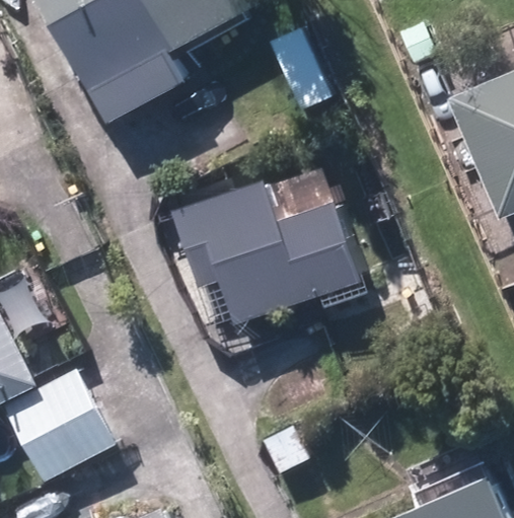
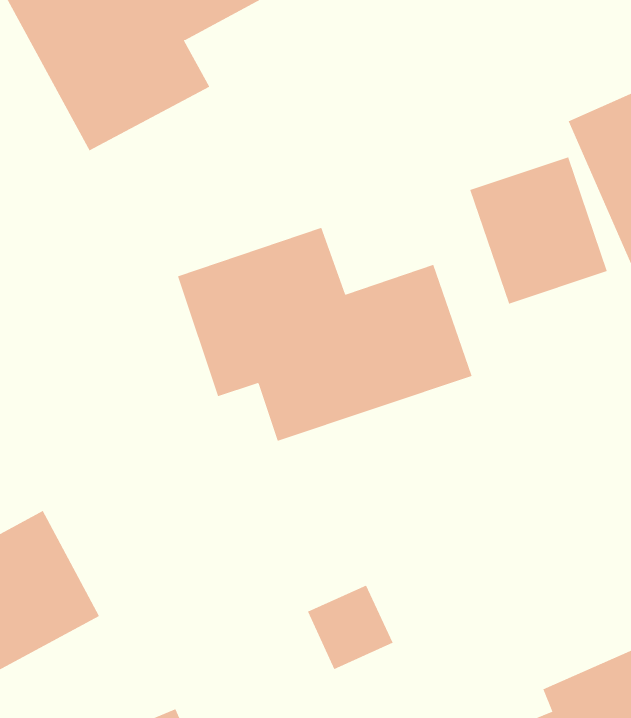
building: none -> [470,156,607,305]

